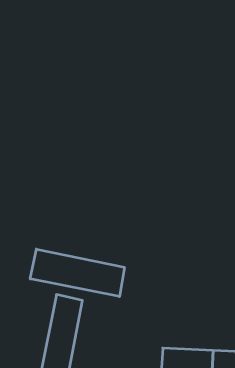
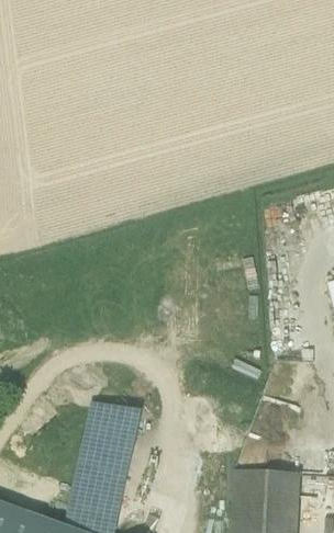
building: [30,249,124,297] -> none

